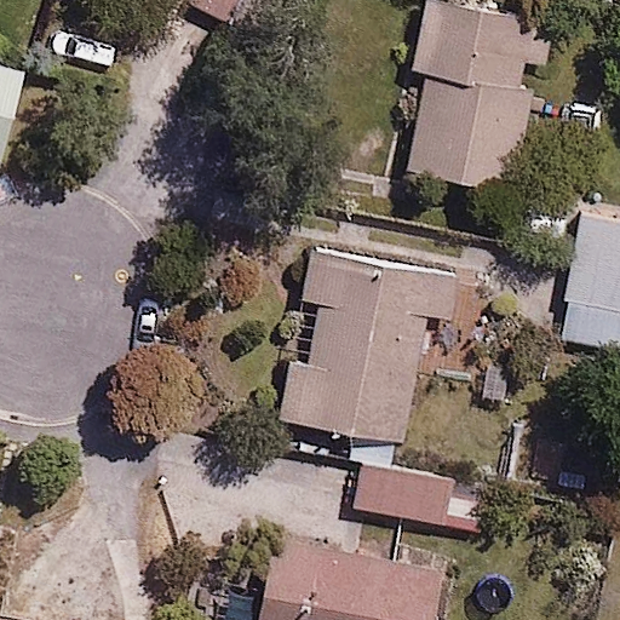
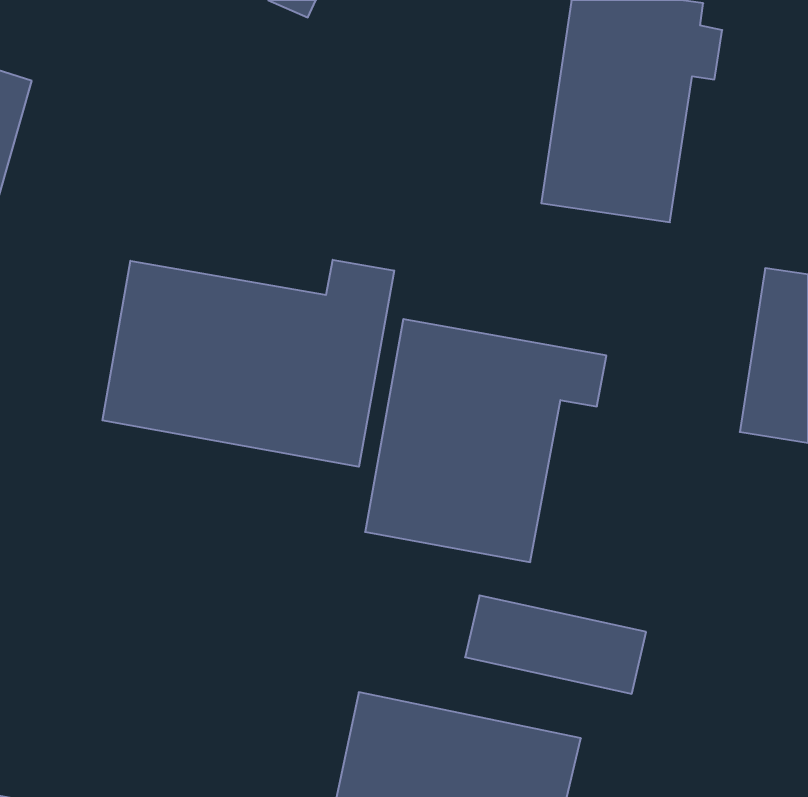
building: none -> [102,260,394,467]

